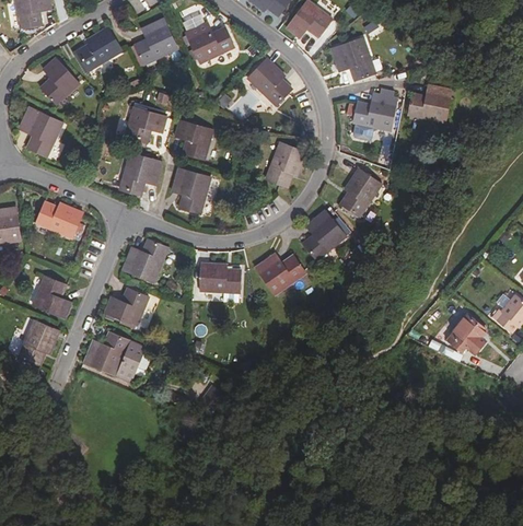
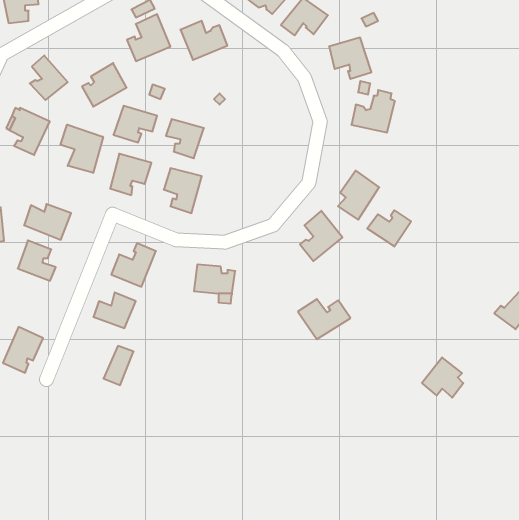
building: [77,27,120,70] -> [82,63,127,107]
building: [248,59,293,107] -> none
building: [410,89,454,126] -> none
building: none -> [61,125,103,173]
building: [265,144,304,189] -> none
building: none -> [367,210,411,247]
building: [257,253,309,292] -> [298,299,350,339]
building: [30,278,67,317] -> [18,240,56,281]
building: [446,309,487,349] -> [422,357,463,398]
building: [82,334,127,374] -> none

